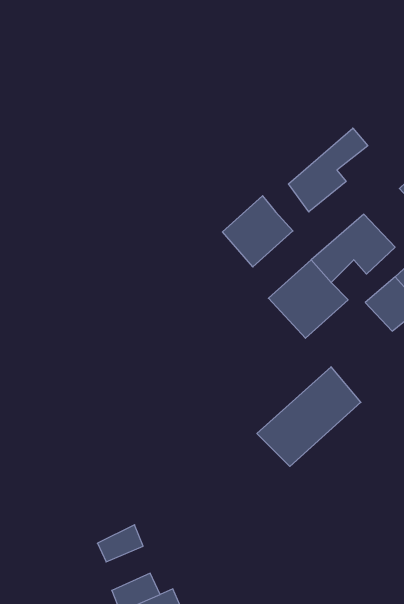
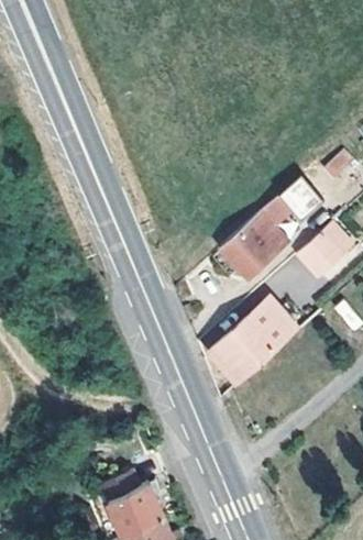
building: [288,128,368,212] -> none
building: [222,196,293,267] -> none

